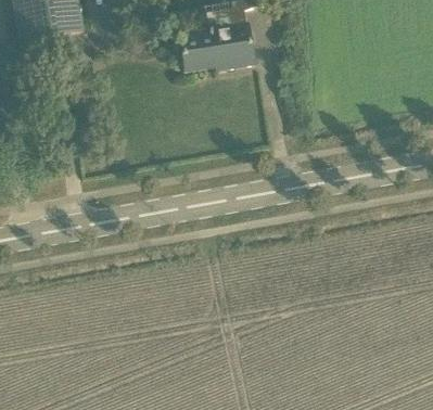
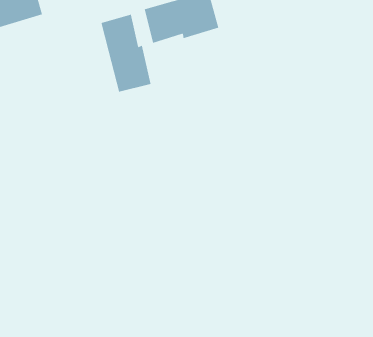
building: none -> [101,14,151,93]

